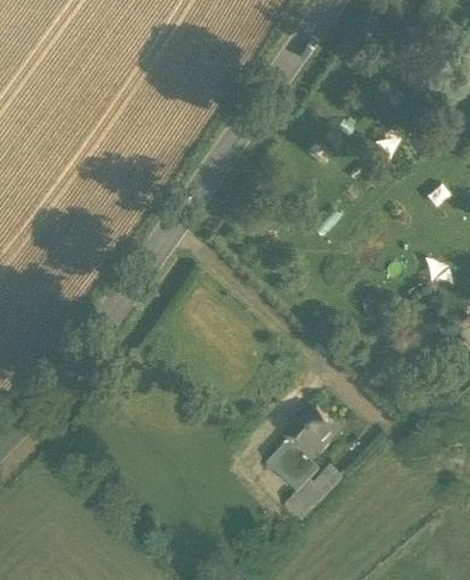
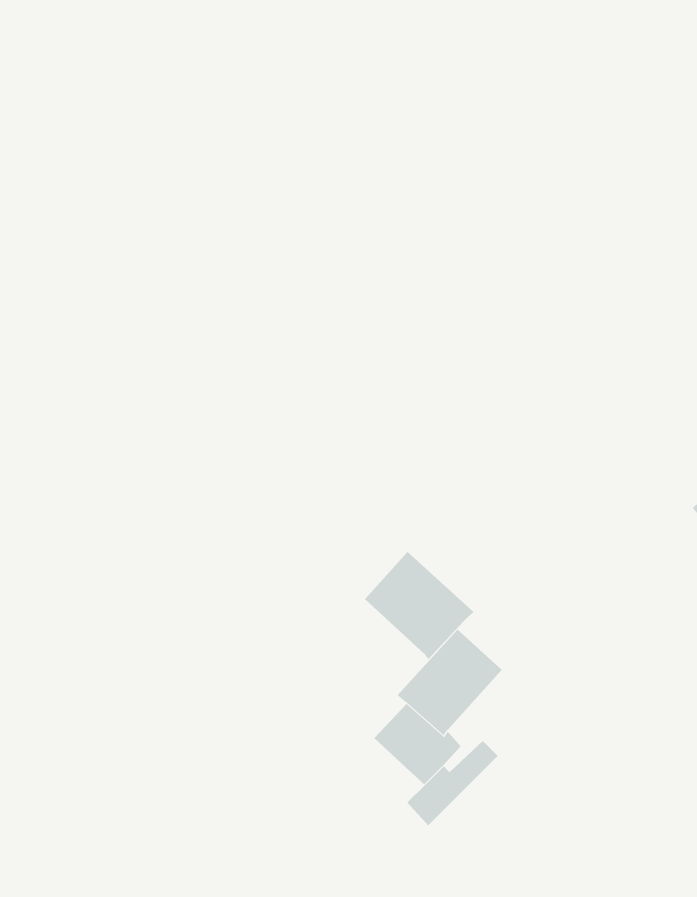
building: none -> [364,551,474,660]

